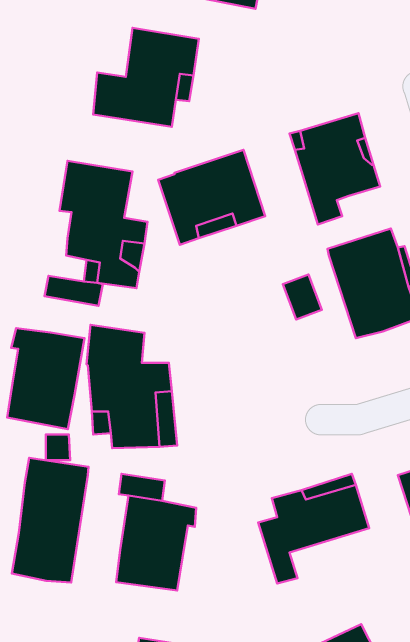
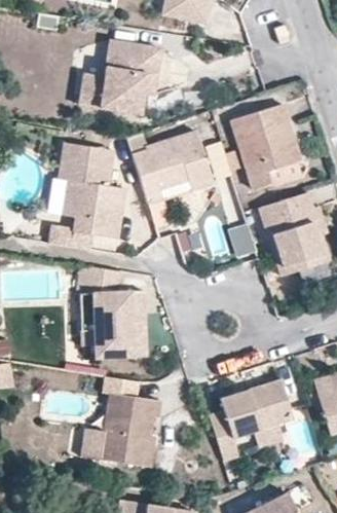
building: [7,328,84,429] -> none
building: [12,458,88,582] -> none

